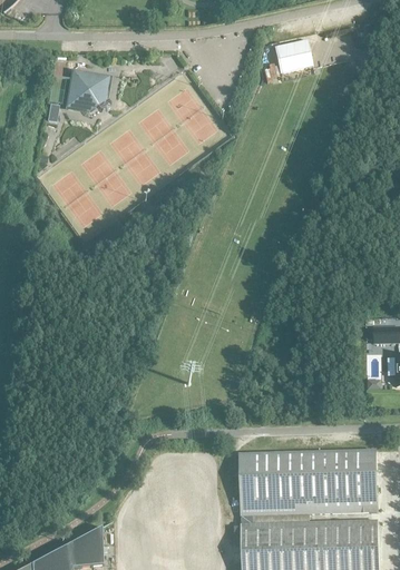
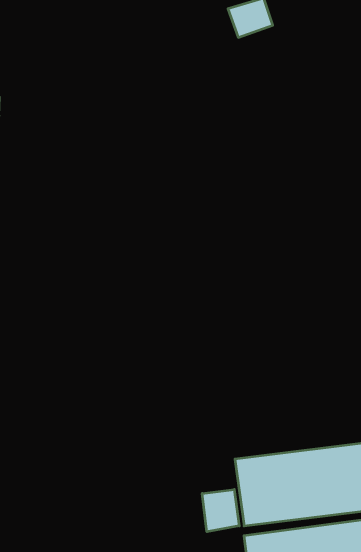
building: [67,69,109,108] -> none
building: none -> [202,489,239,532]

